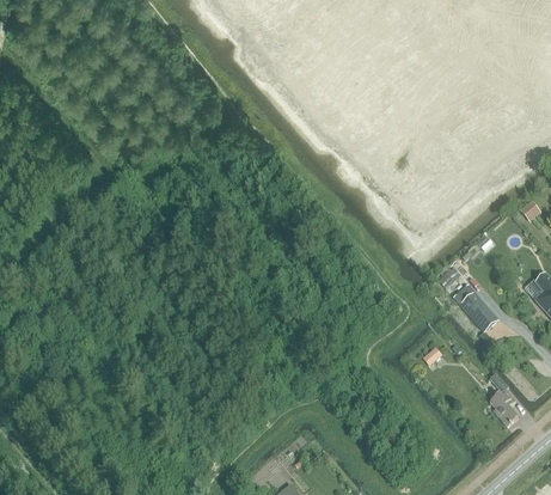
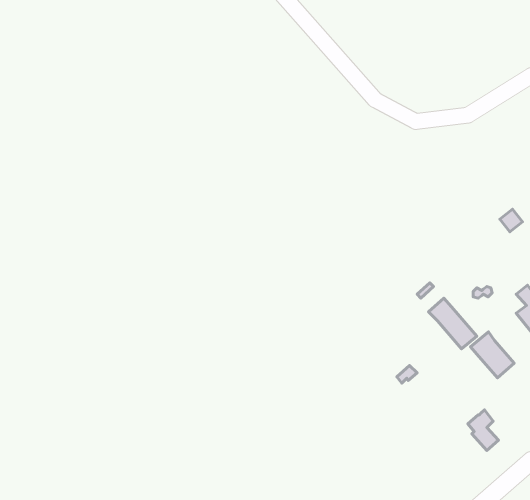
building: none -> [471,332,514,378]

